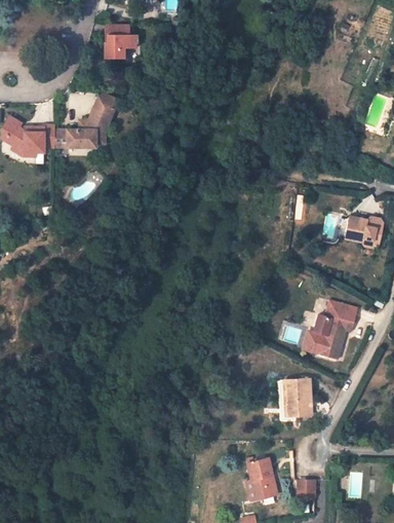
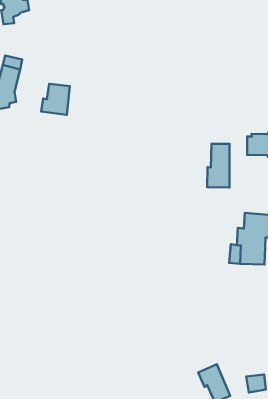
building: none -> [41,84,70,115]
building: none -> [207,144,229,188]
building: [285,379,311,415] -> none

